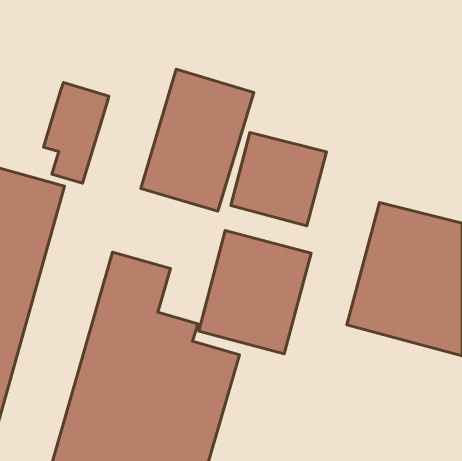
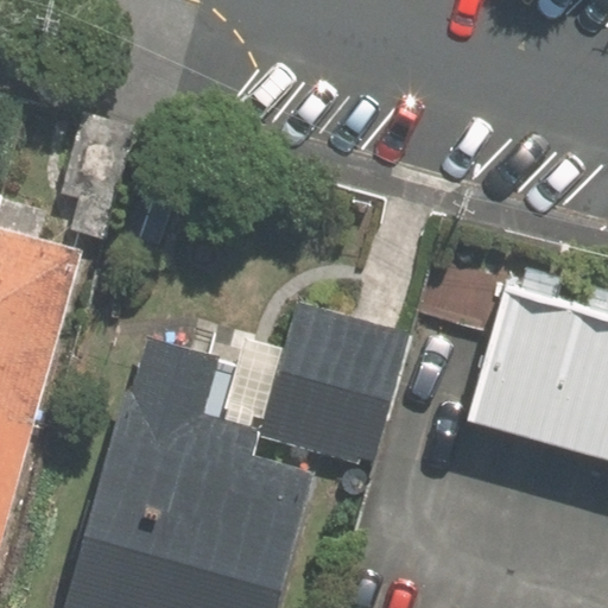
building: [141,69,254,211] -> none
building: [231,132,326,226] -> none

